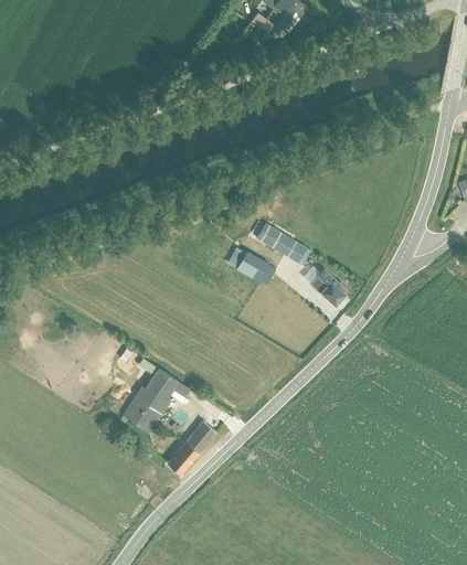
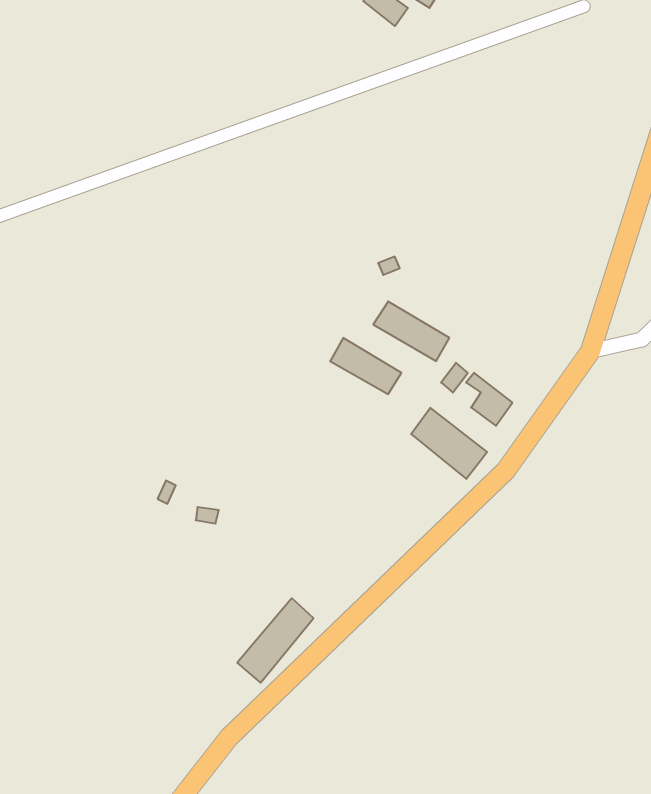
building: none -> [411,408,487,479]
building: [121,367,192,434] -> none

